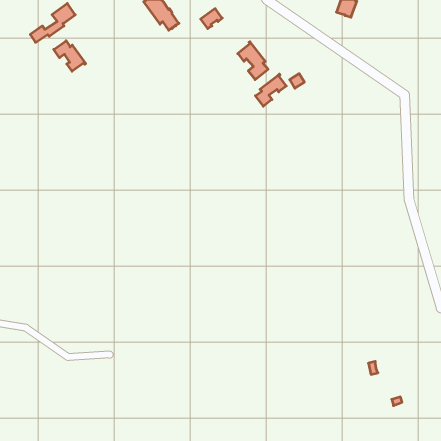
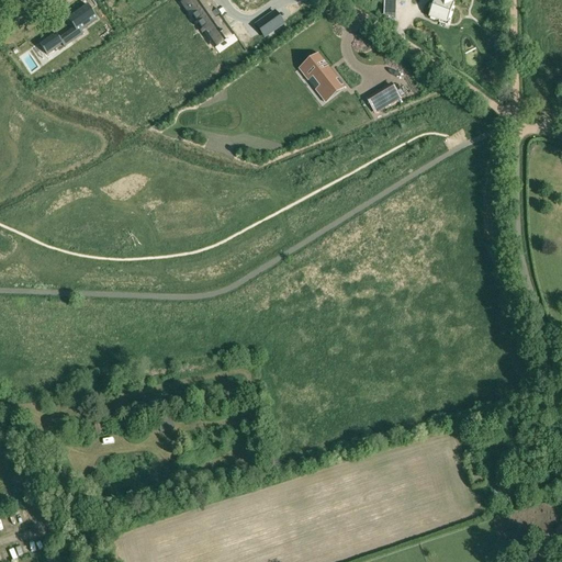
building: [54,41,86,71] -> none
building: [255,74,286,106] -> none

